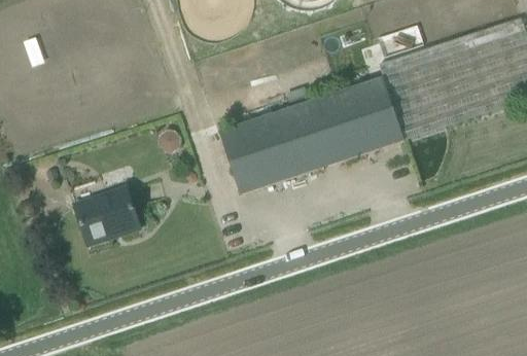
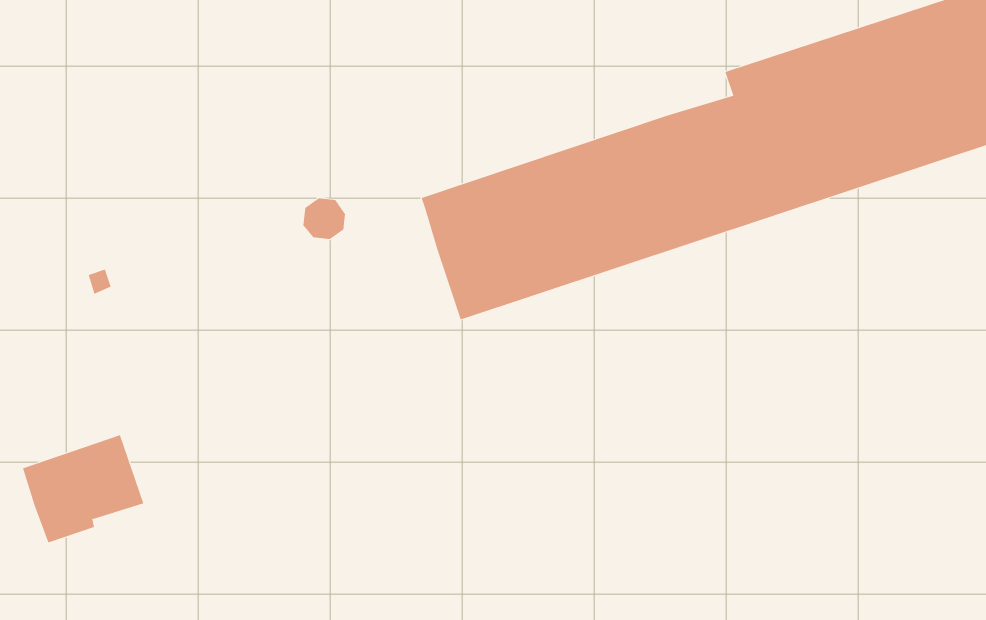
building: [80,184,144,241] -> [22,435,144,543]

